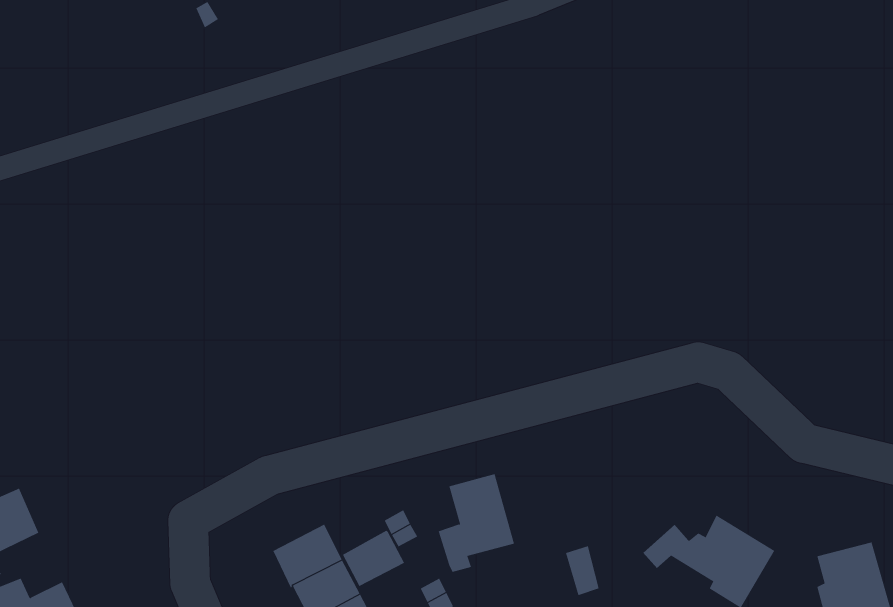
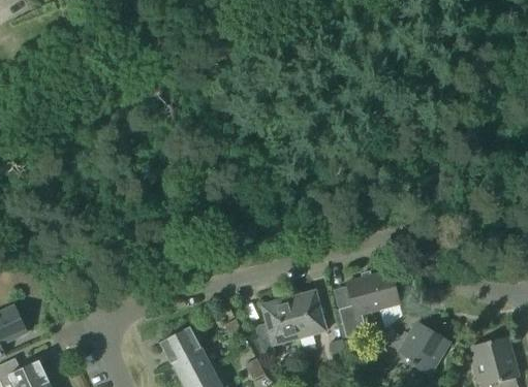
building: none -> [338,269,399,336]
building: none -> [288,290,325,337]
building: [342,530,405,587] -> none

